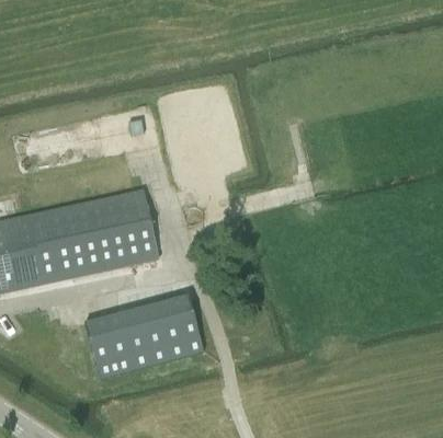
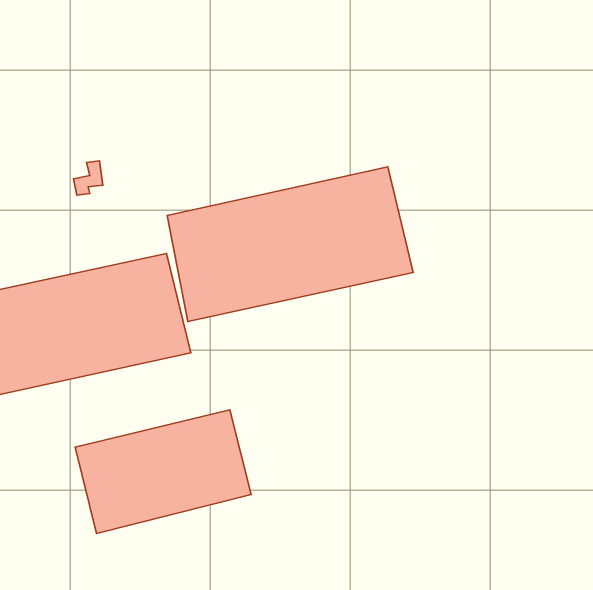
building: none -> [167,167,413,321]

